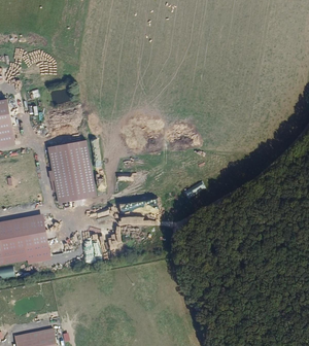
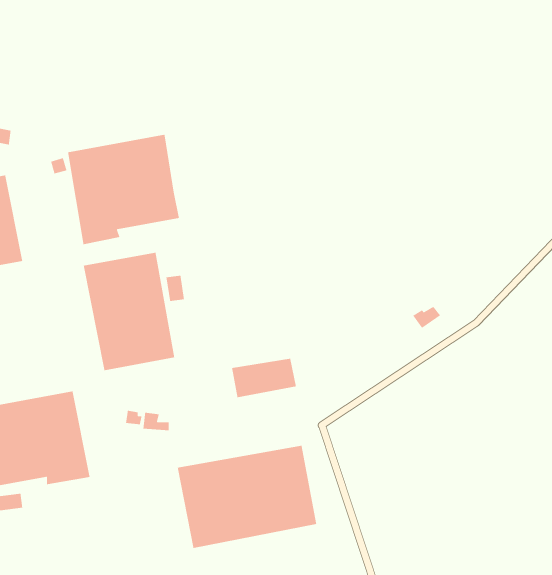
building: none -> [67,134,180,245]
building: none -> [177,445,317,549]

